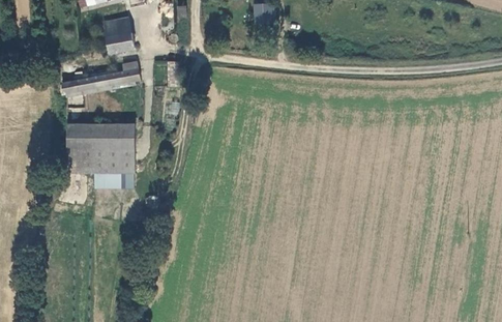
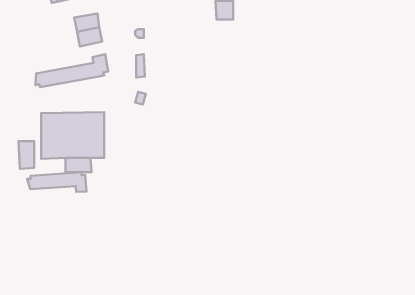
building: none -> [19,141,34,169]
building: none -> [27,172,86,192]

